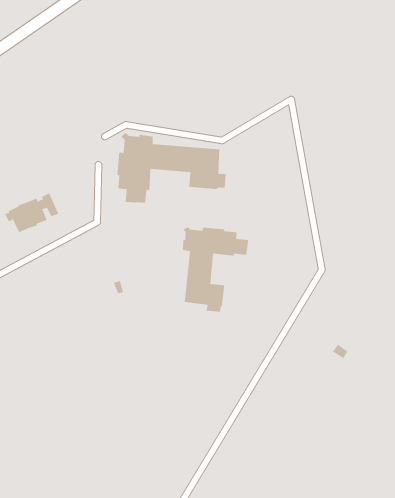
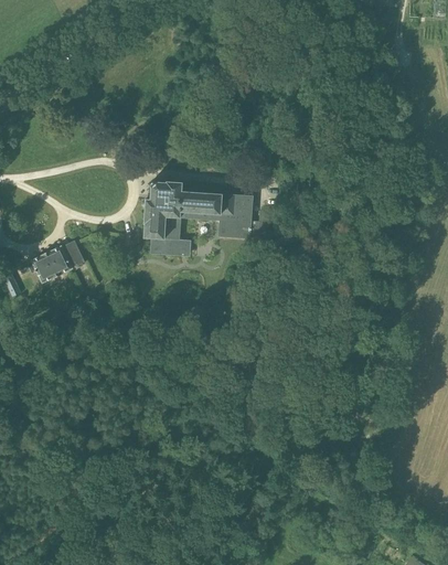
building: [182,226,249,313] -> none

